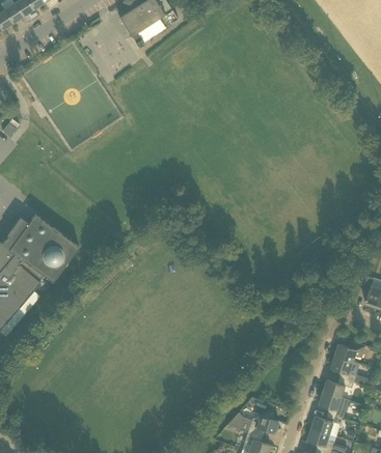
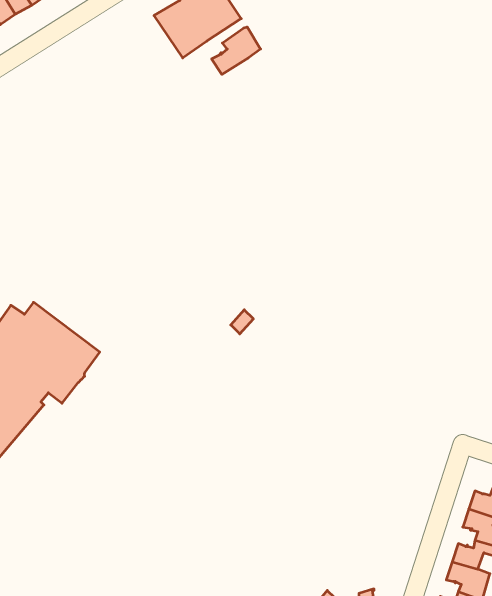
building: none -> [212,27,261,74]

